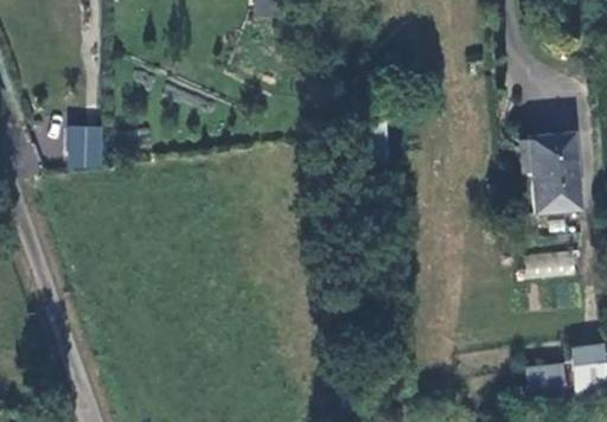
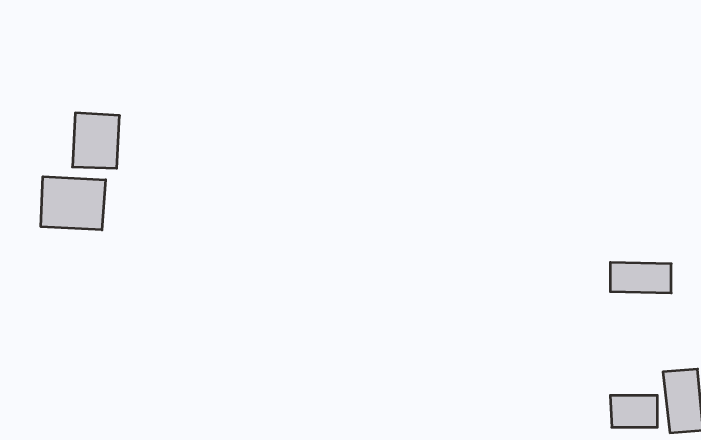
building: [525,141,576,218] -> none
building: none -> [41,177,106,230]

